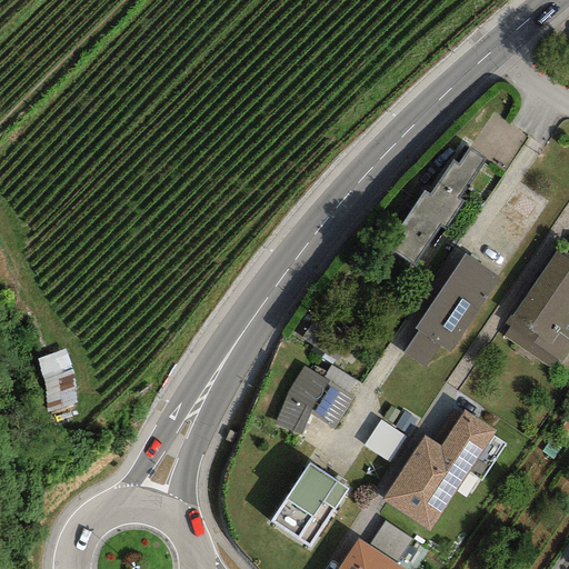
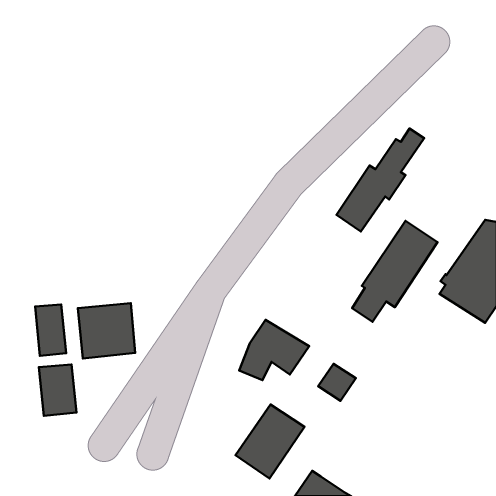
building: none -> [78,303,135,358]
building: [382,409,497,531] -> none
building: none -> [39,364,77,416]
building: [368,519,411,562] -> none

